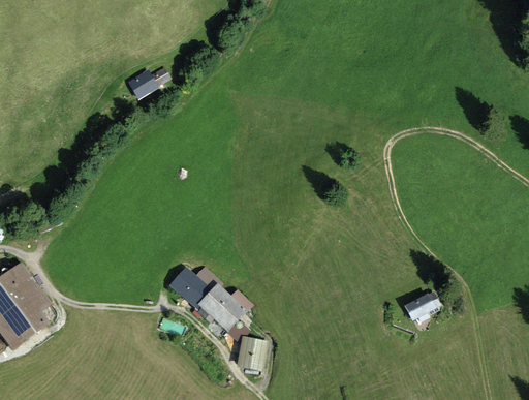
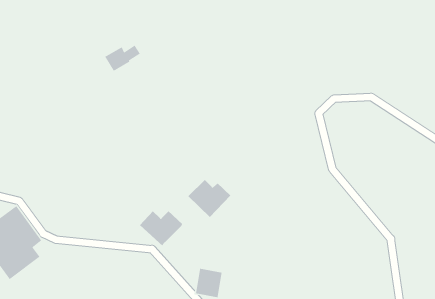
building: [199,285,252,332] -> [188,179,231,218]
building: [404,290,440,322] -> none

